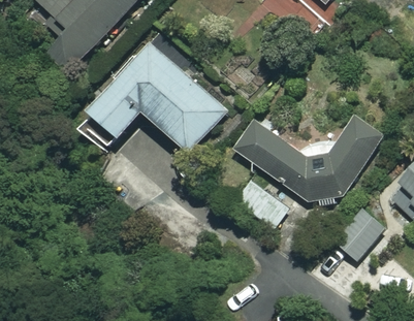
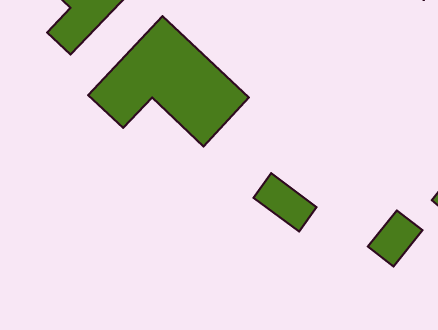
building: [232,113,384,215] -> none

